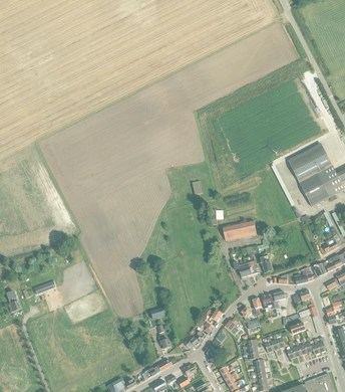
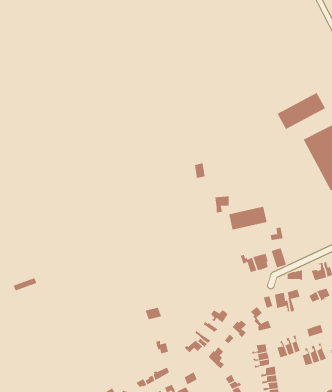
building: none -> [277,92,326,130]

